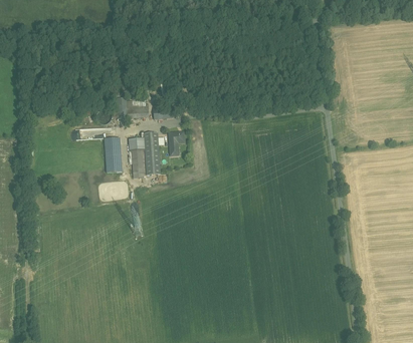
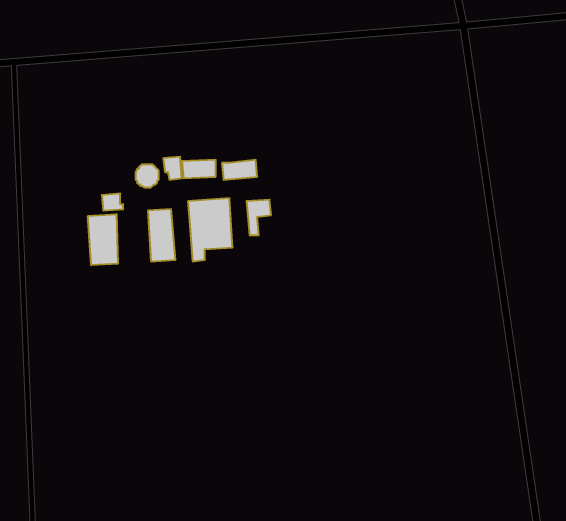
building: none -> [88,214,118,265]

